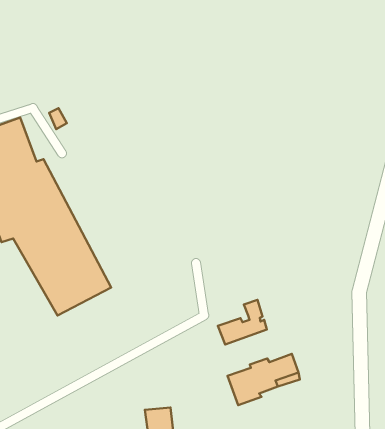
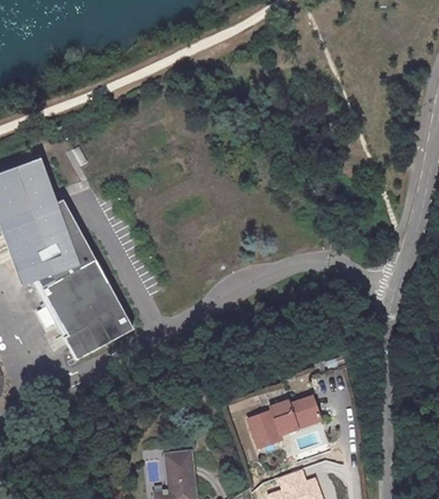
building: [218,300,267,345] -> none

